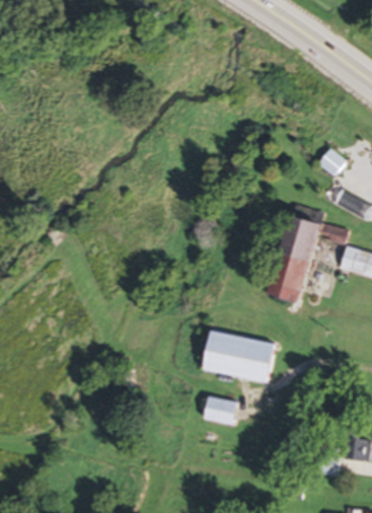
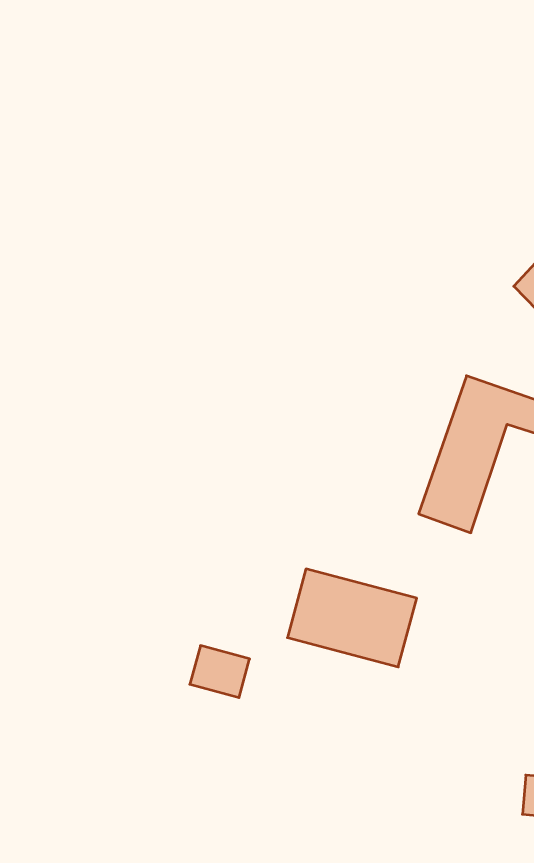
building: [203,396,235,424] -> [190,646,250,698]

